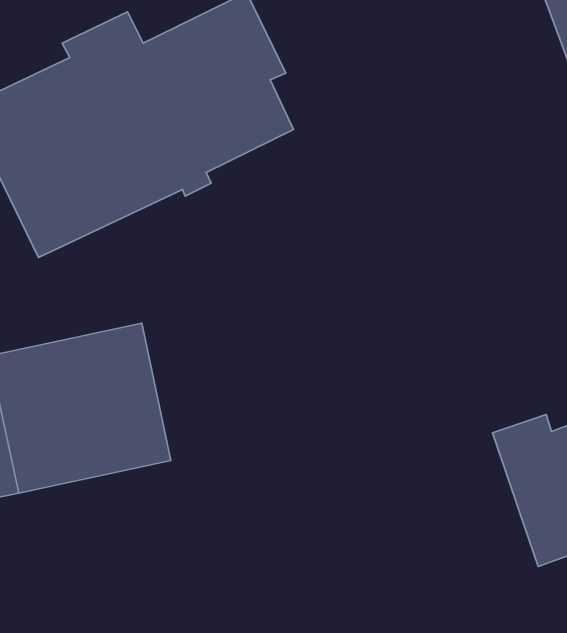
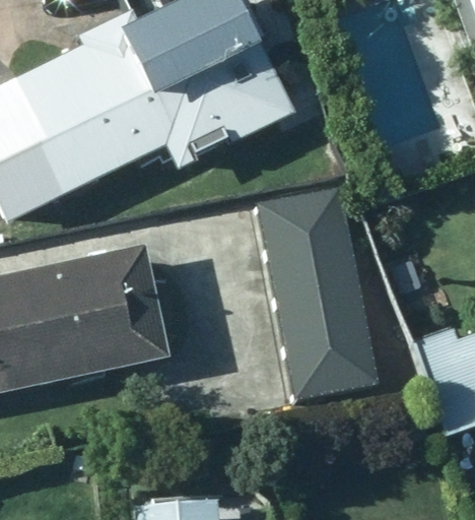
building: none -> [257,177,377,391]

